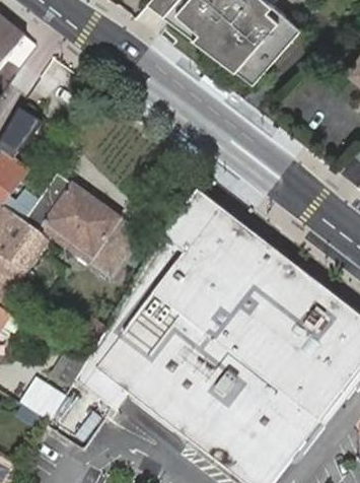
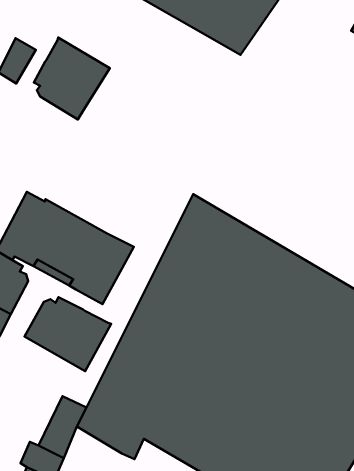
building: none -> [34,38,110,119]
building: none -> [24,297,111,371]

